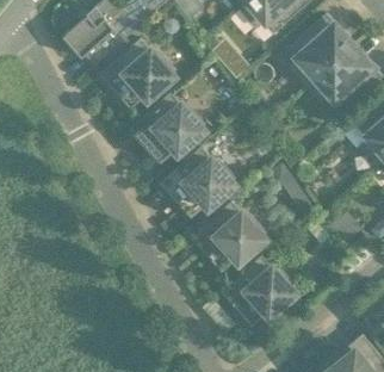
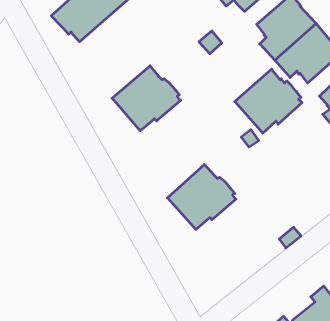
building: [99,37,173,107] -> none
building: [160,145,234,216] -> [235,69,302,133]
building: [221,254,295,324] -> none

